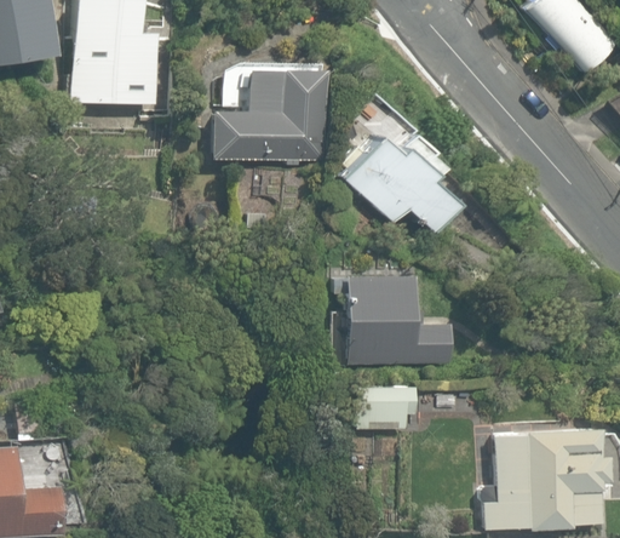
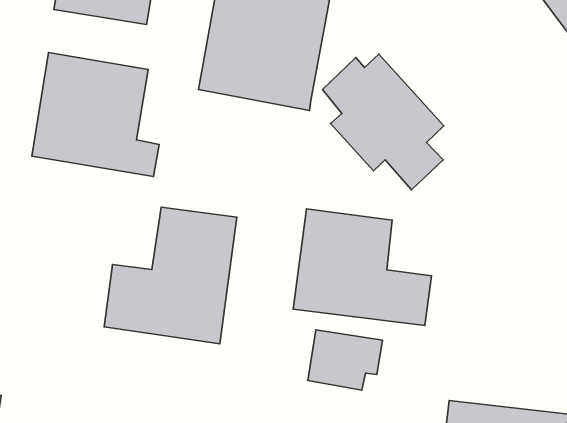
building: none -> [32,53,159,177]
building: none -> [104,207,237,344]

